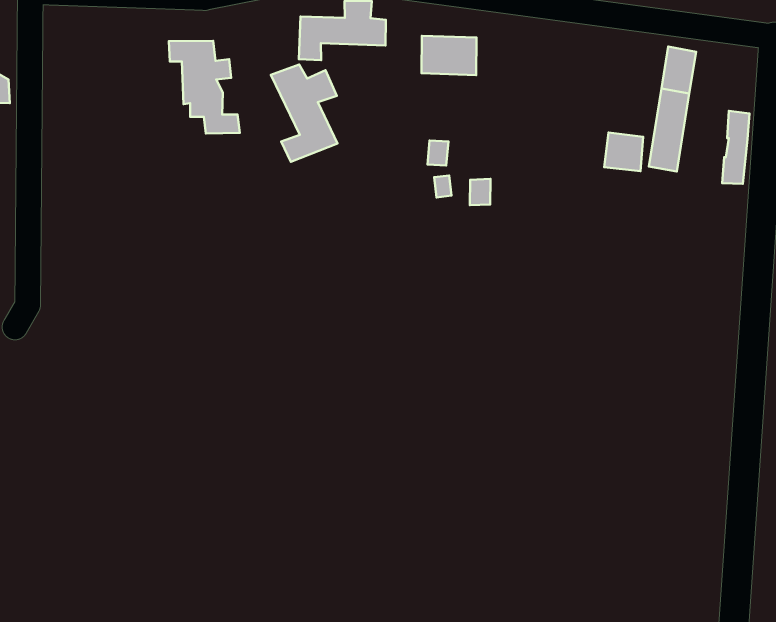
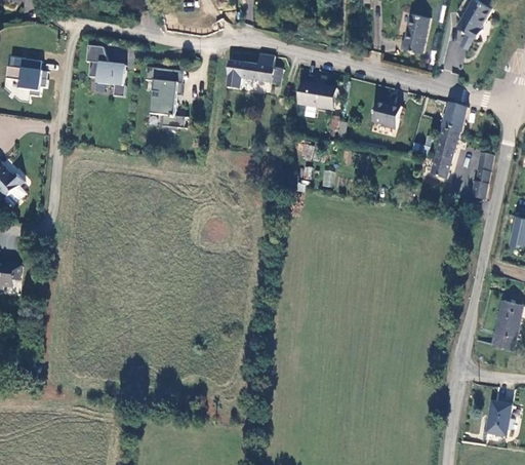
building: none -> [87,44,127,95]
building: [271,64,338,162] -> none
building: [604,132,643,171] -> [373,99,399,124]

